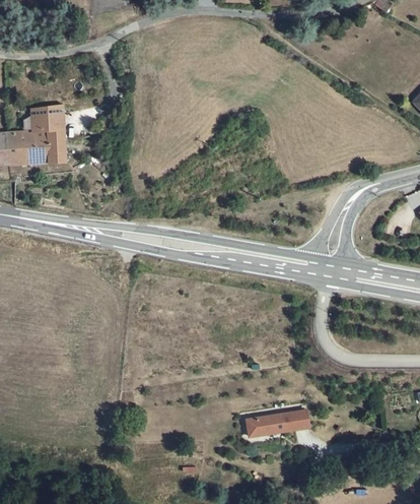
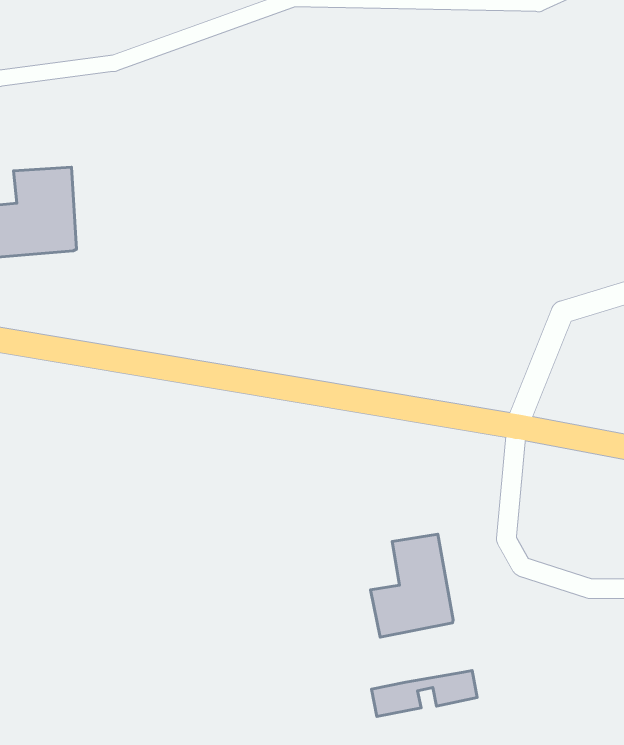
building: none -> [370,534,453,637]

